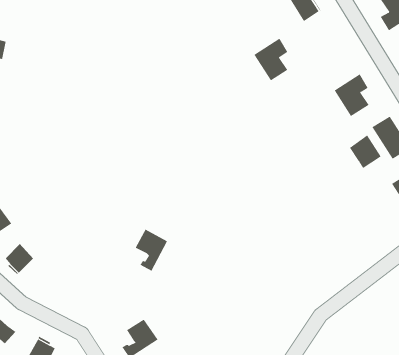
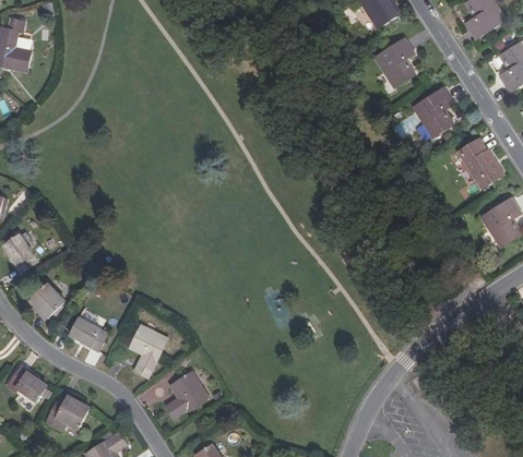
building: [253,38,288,81] -> [373,37,414,87]
building: [349,134,382,169] -> none
building: [135,229,168,271] -> [133,326,171,375]
building: none -> [72,320,109,352]

